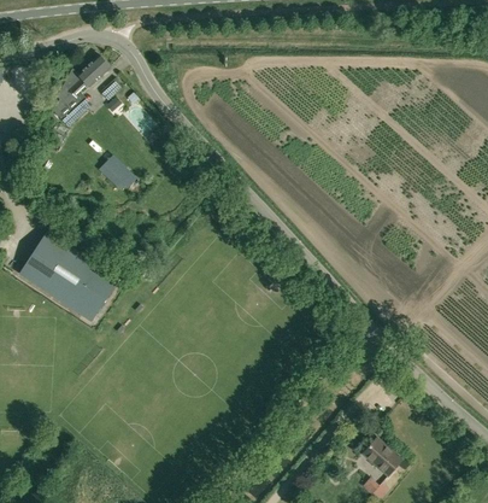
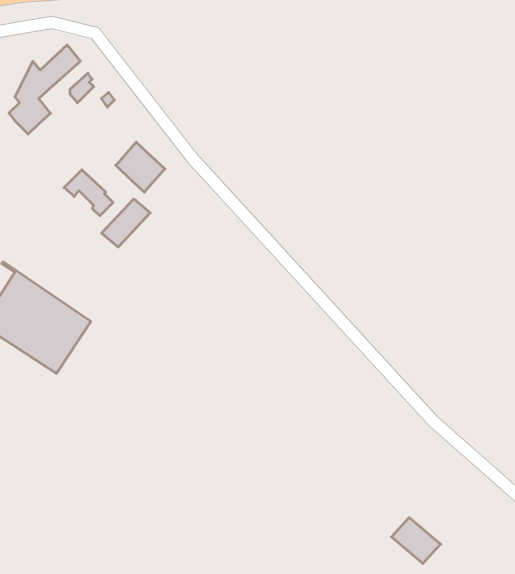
building: none -> [116,142,165,192]
building: none -> [102,199,150,247]

